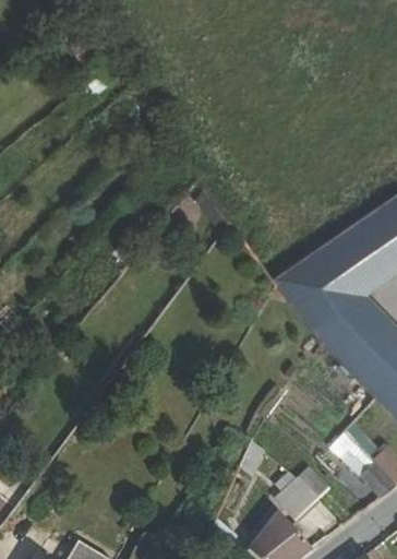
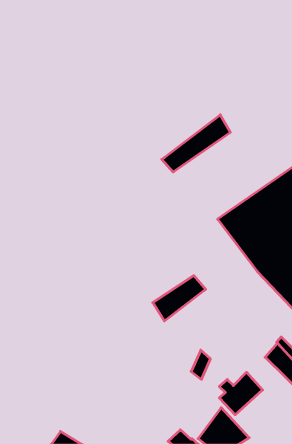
building: none -> [162,115,230,172]
building: none -> [153,276,206,321]

